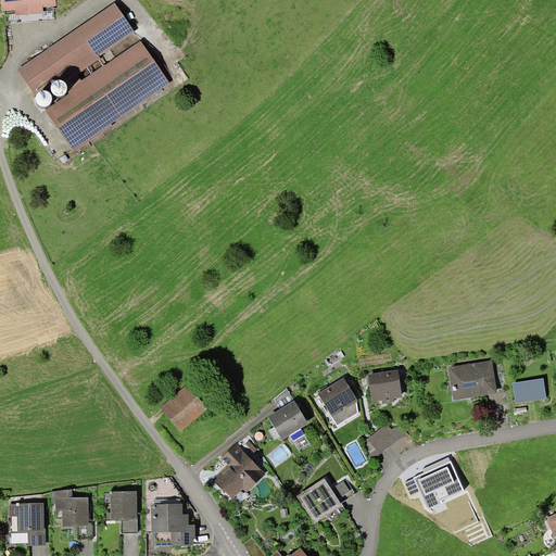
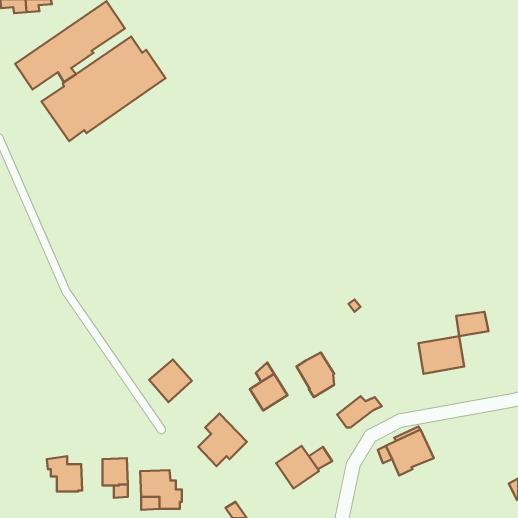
building: [367,368,401,403] -> none
building: [511,377,546,403] -> [456,312,489,336]
building: [8,502,46,545] -> none

